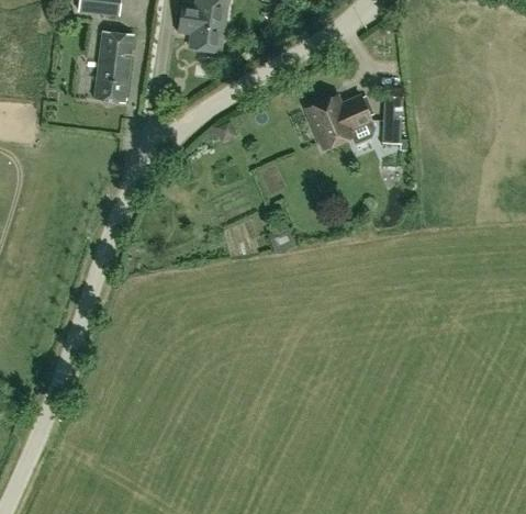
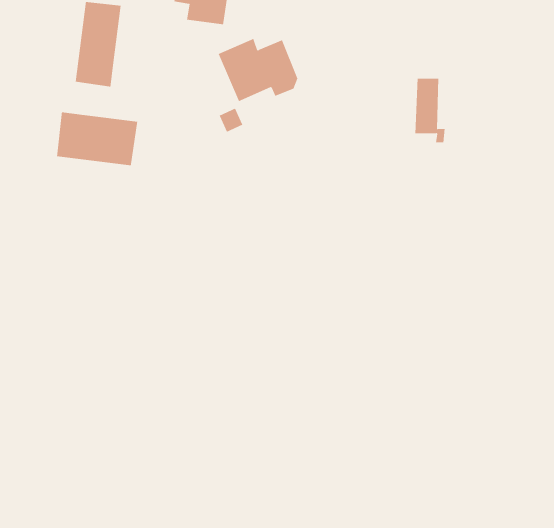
building: [306,94,374,148] -> [218,38,298,102]
building: none -> [56,111,138,166]

